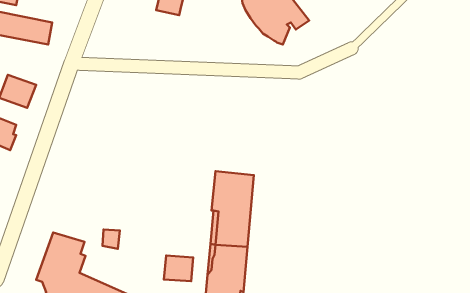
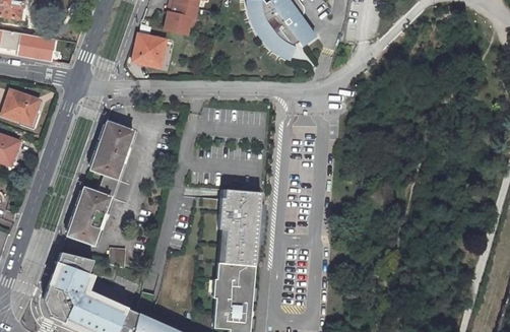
building: none -> [131,31,164,65]
building: none -> [66,119,137,244]
building: [164,256,193,281] -> none

